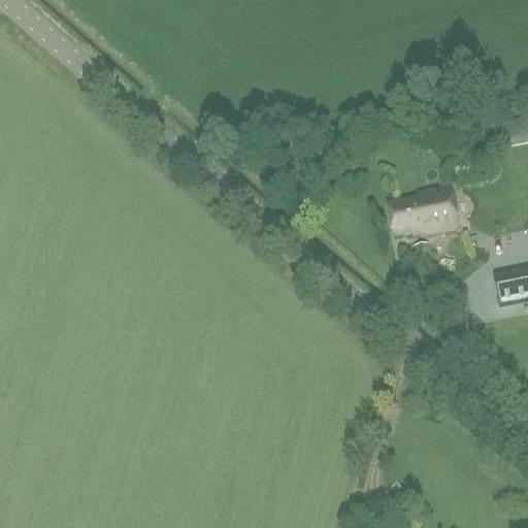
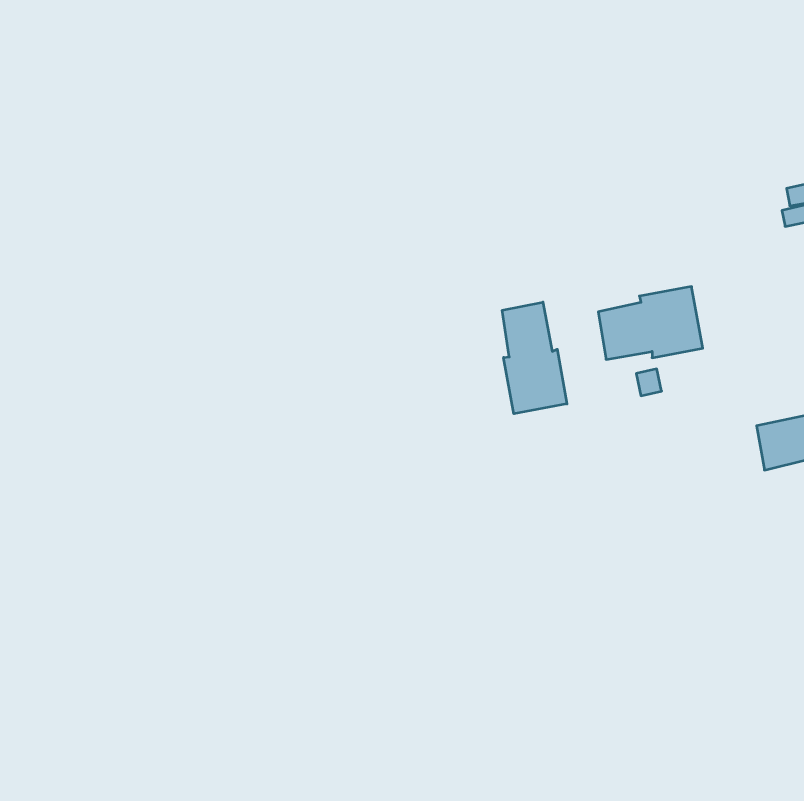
building: none -> [502,302,567,414]

